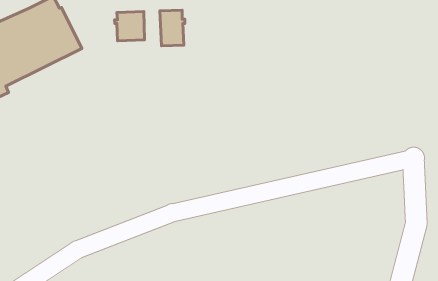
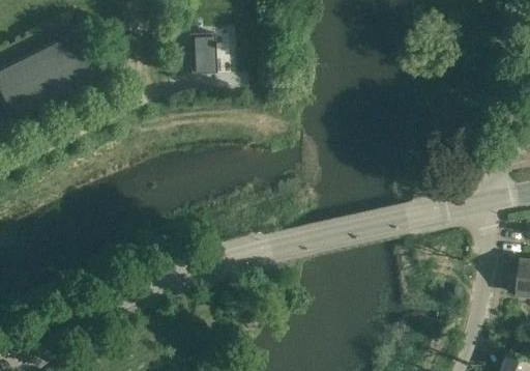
building: [114,11,145,41] -> none

